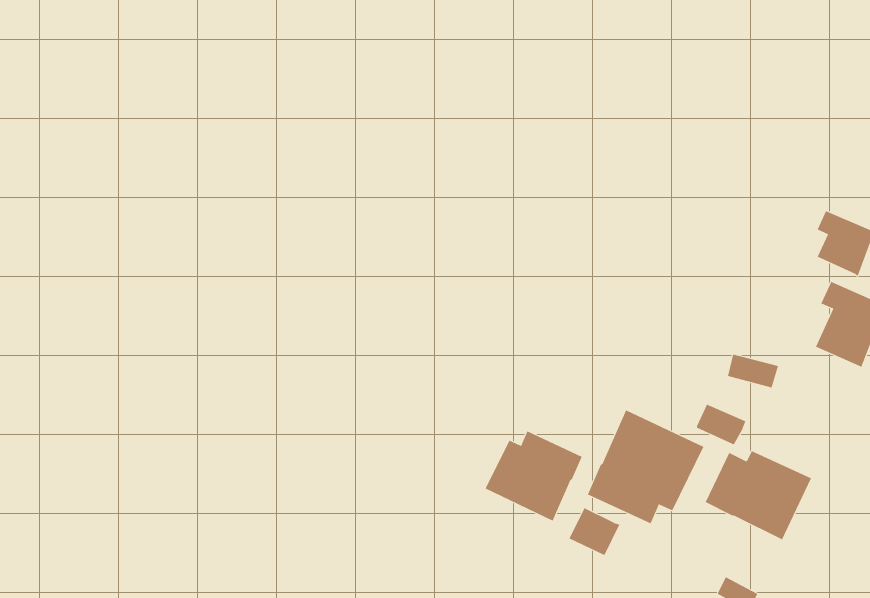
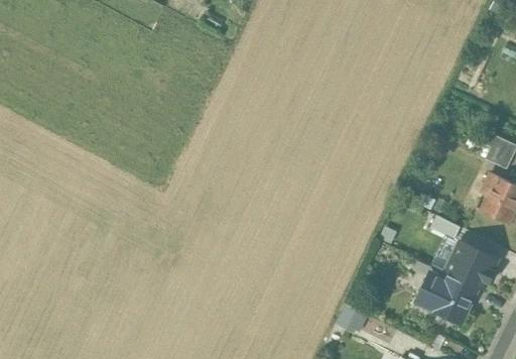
building: none -> [443,240,494,287]
building: [587,409,704,524] -> none
building: [485,430,582,521] -> none

